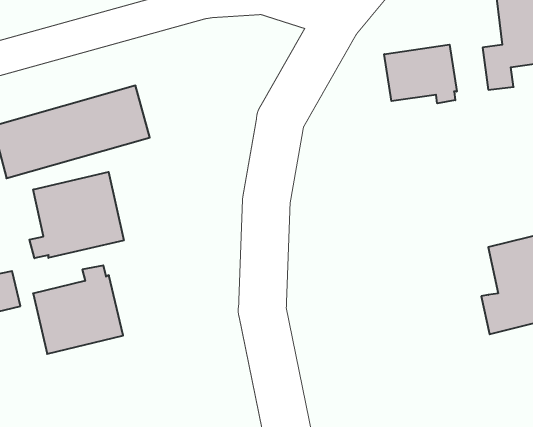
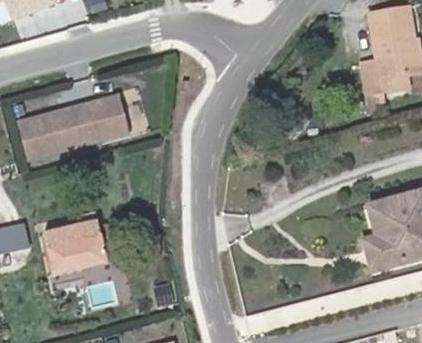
building: [384,45,457,103] -> none
building: [29,172,124,258] -> none

